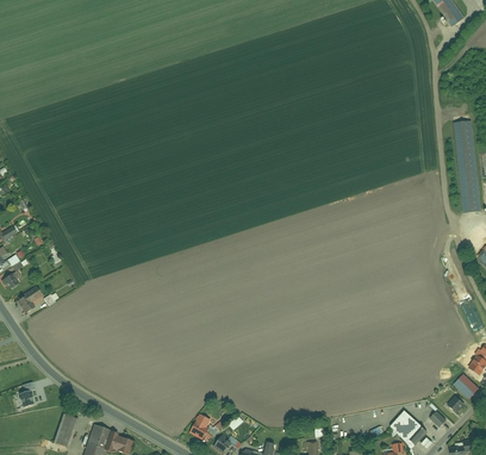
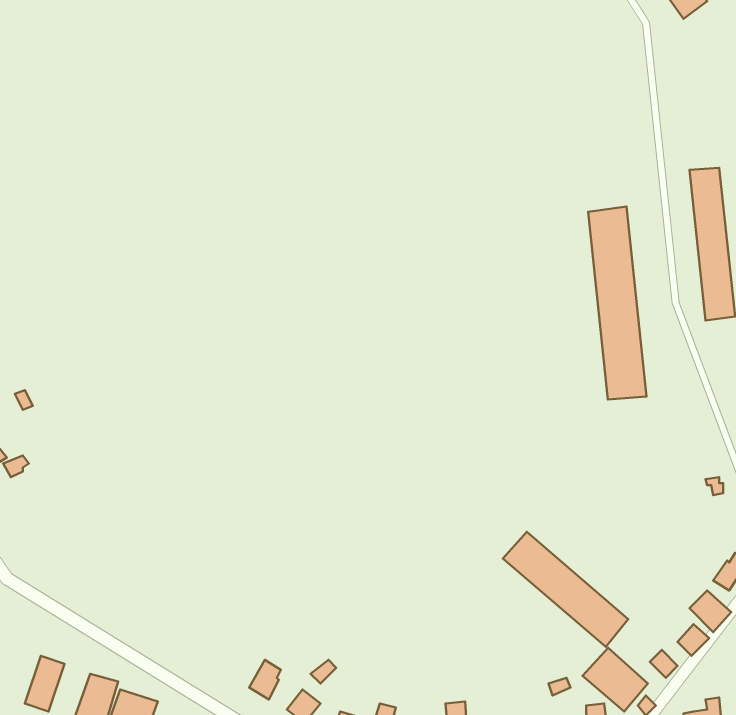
building: none -> [588,206,646,399]
building: none -> [503,532,628,647]

